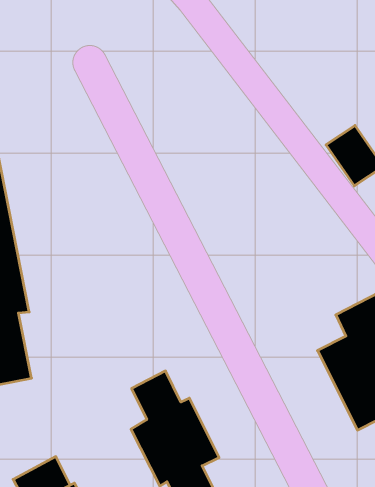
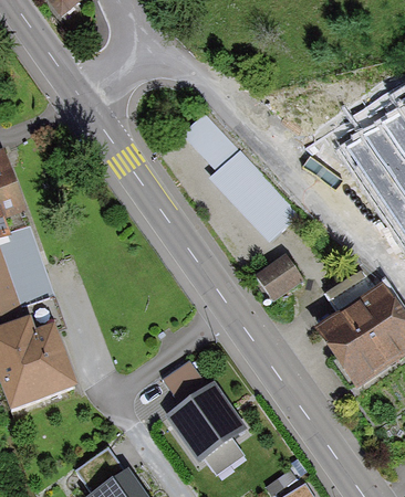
building: none -> [179,110,300,243]
building: none -> [251,250,303,300]

